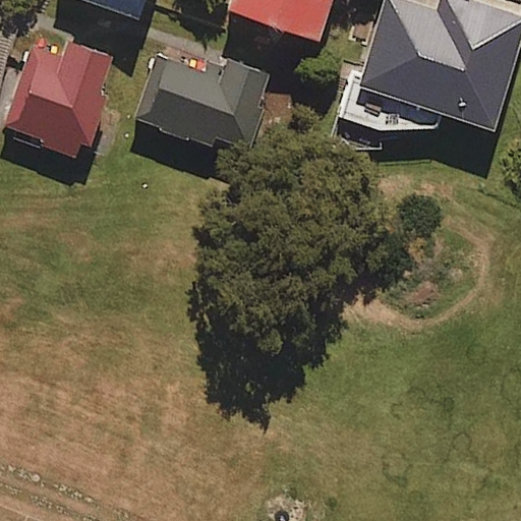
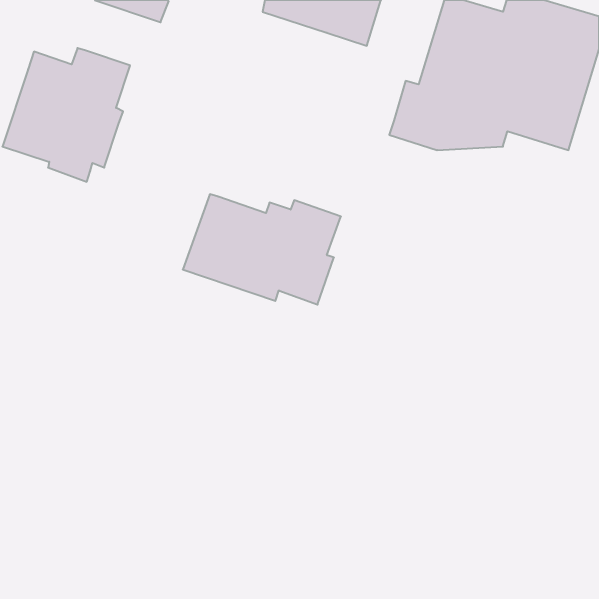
building: [132,55,270,151] -> [183,194,341,305]

